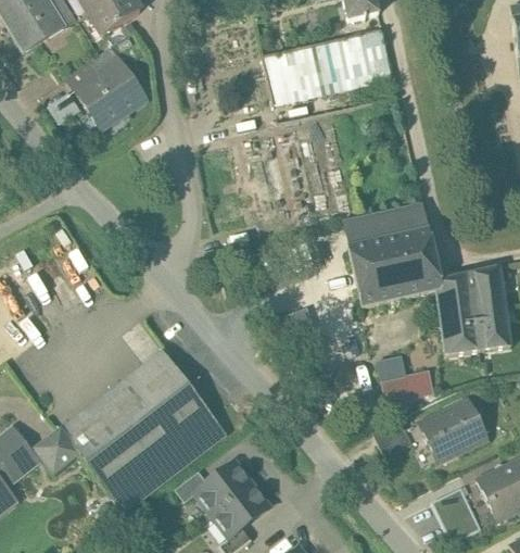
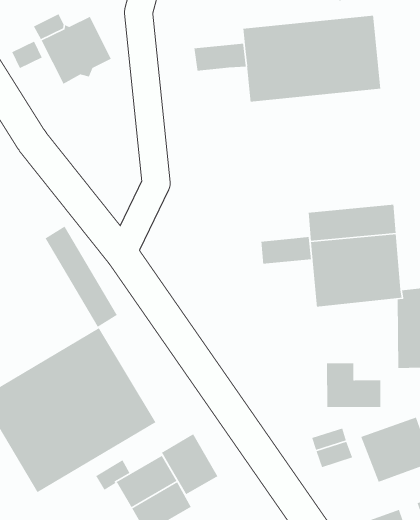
building: none -> [194,43,246,72]
building: none -> [260,236,312,265]
building: none -> [44,226,118,328]
building: none -> [161,433,219,495]

